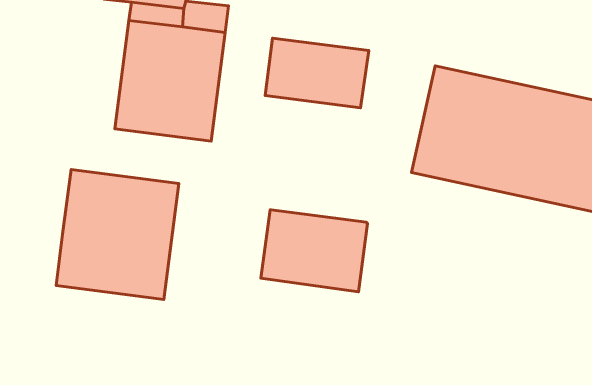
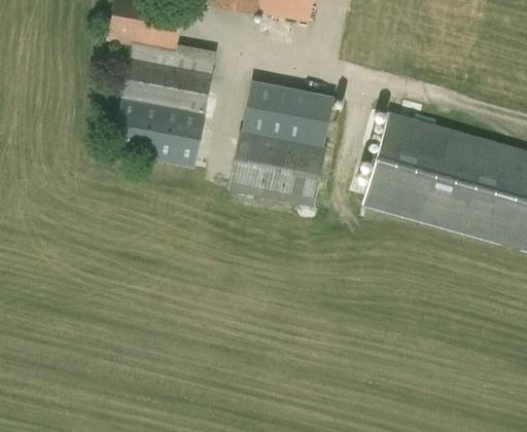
building: [56,170,179,299] -> none
building: [261,210,368,292] -> [231,130,324,204]

